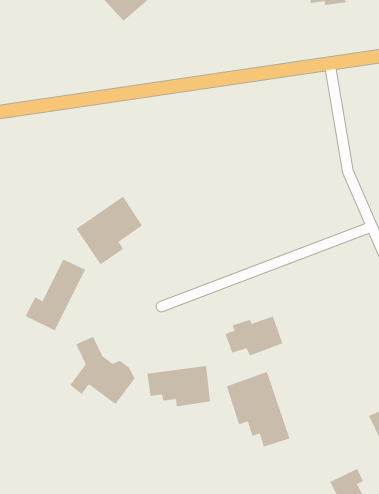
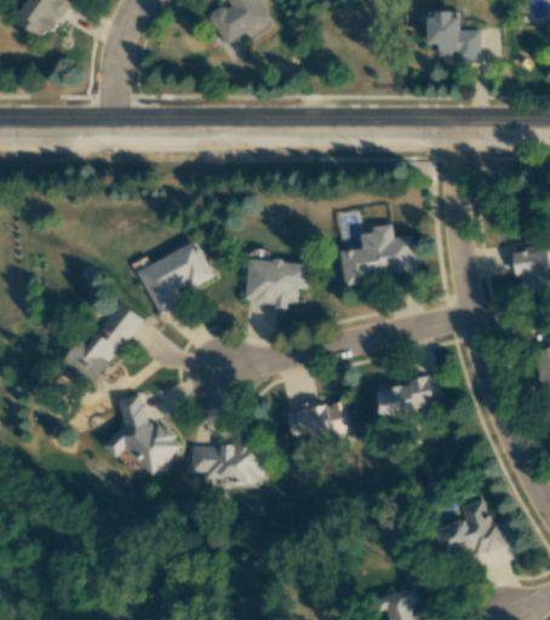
building: none -> [340,224,417,285]
building: none -> [244,259,308,312]
building: none -> [378,374,443,415]
building: [226,371,290,447] -> none

